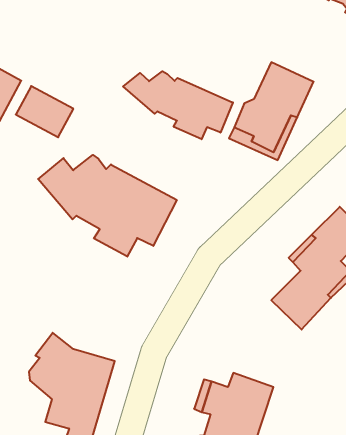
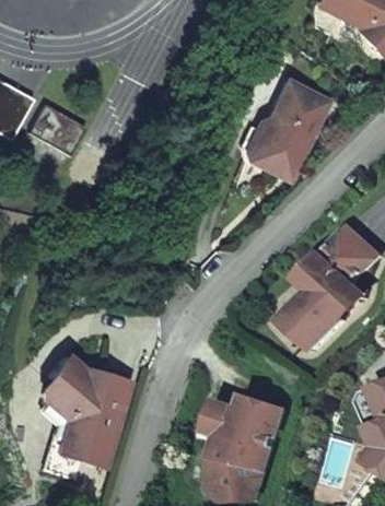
building: [123,71,233,139] -> none
building: [38,155,177,257] -> none

